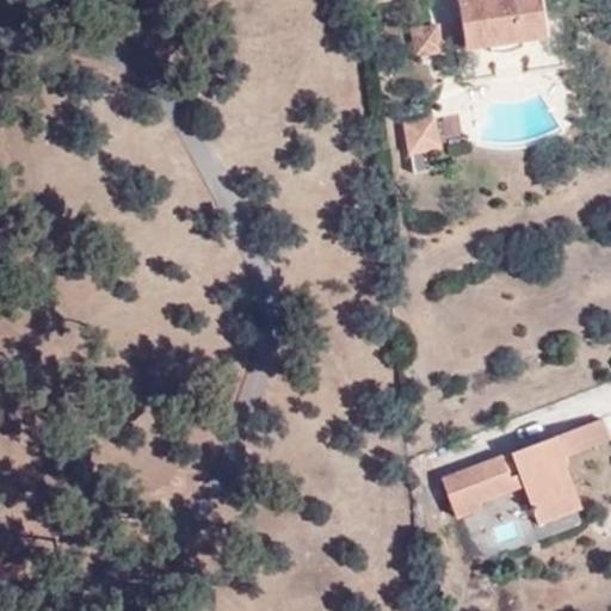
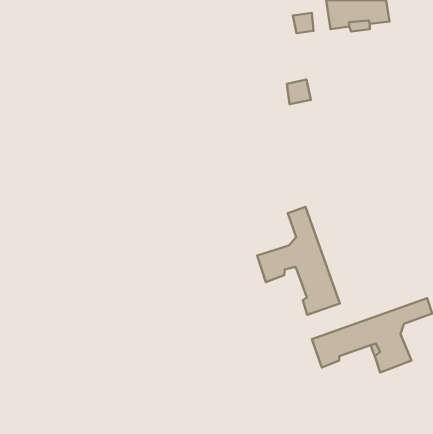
building: none -> [257,207,340,315]

